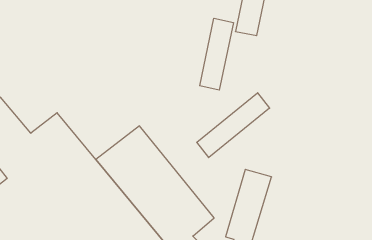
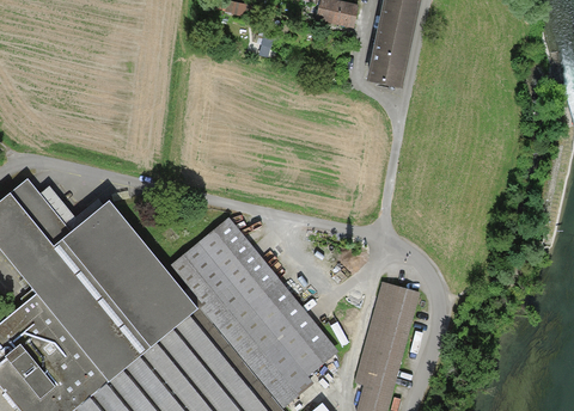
building: [200,18,233,90] -> none
building: [197,93,270,158] -> none

